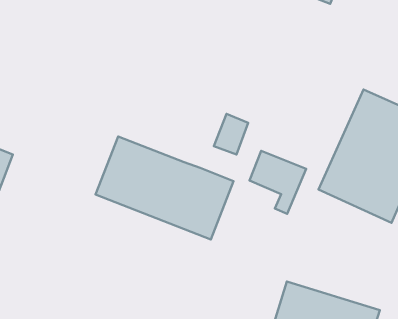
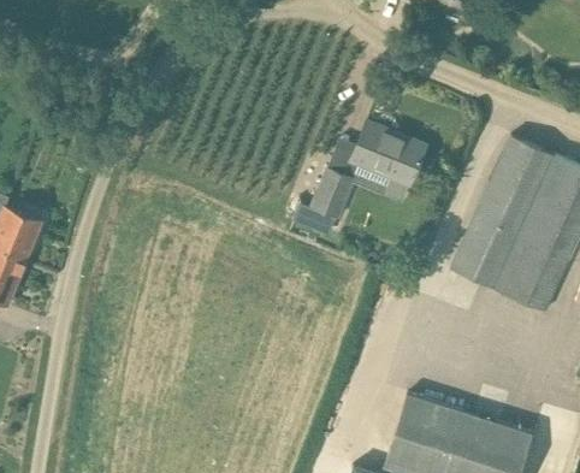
building: [96,136,234,239] -> none
building: [249,151,306,214] -> [349,122,425,206]

